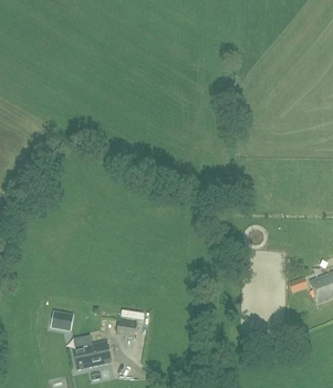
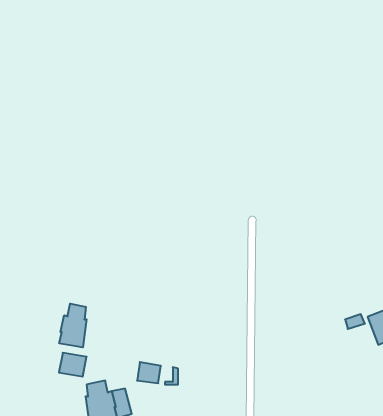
building: none -> [59,304,87,347]

